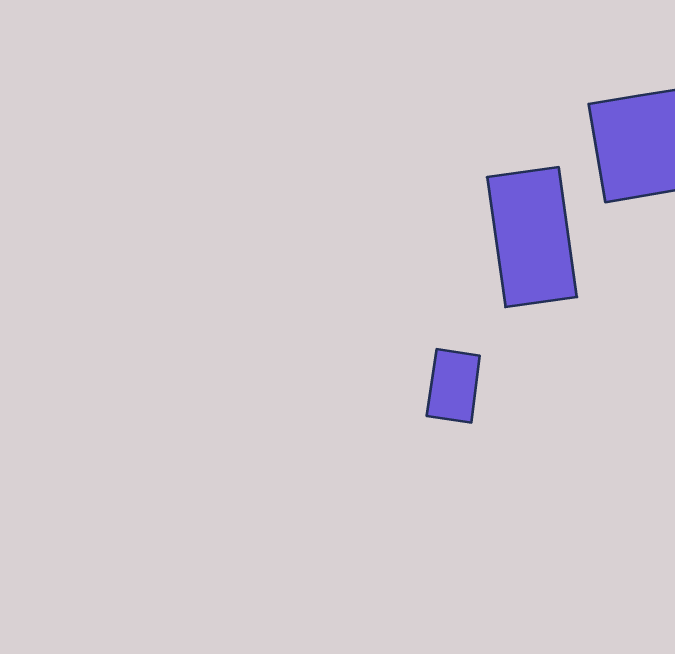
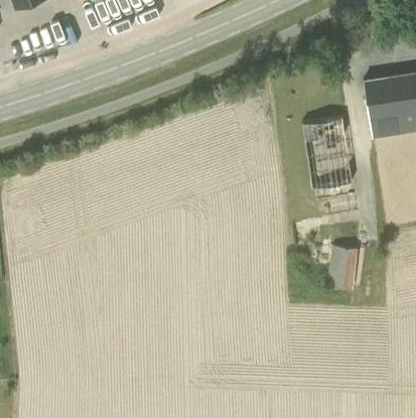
building: [427,349,480,422] -> [325,246,358,290]

